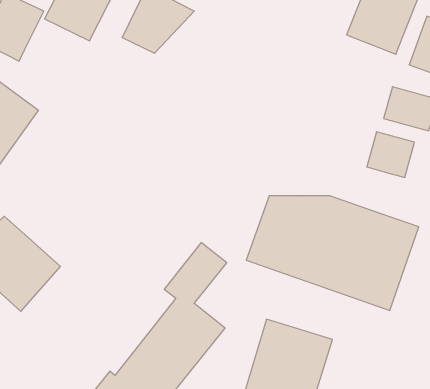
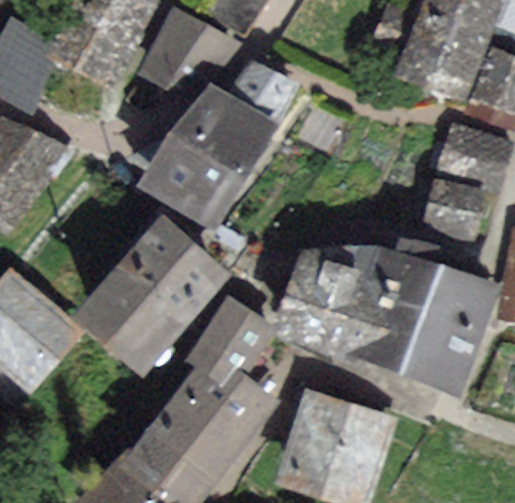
building: none -> [155,64,285,212]
building: none -> [82,223,214,362]

